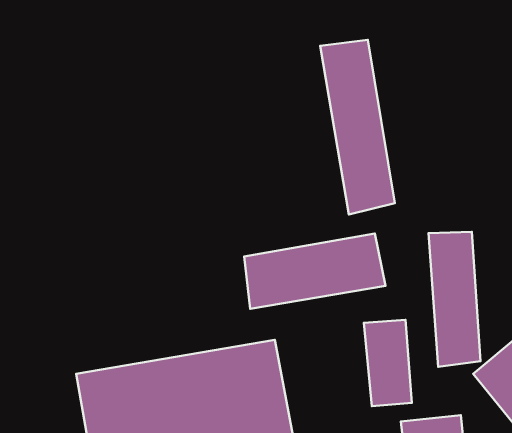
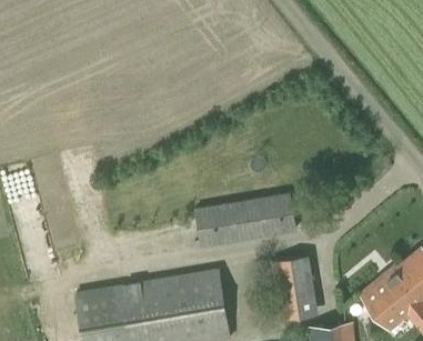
building: [320,40,395,214] -> none
building: [428,232,481,367] -> none

